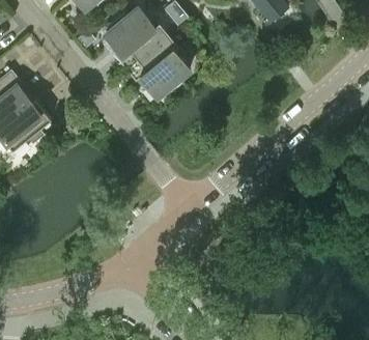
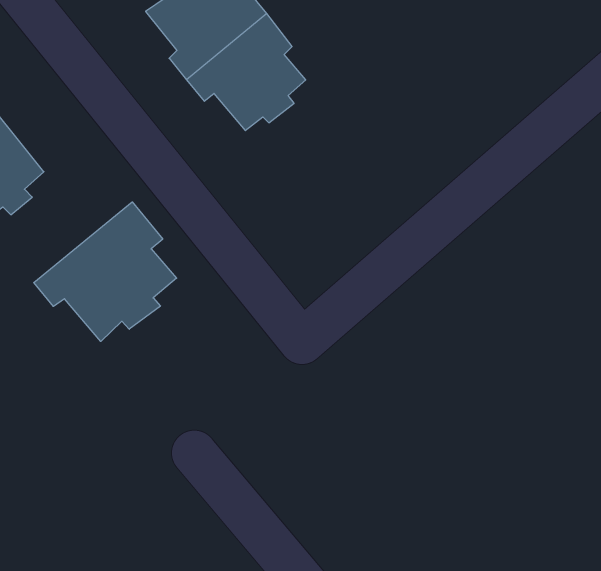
building: none -> [34,202,177,341]

